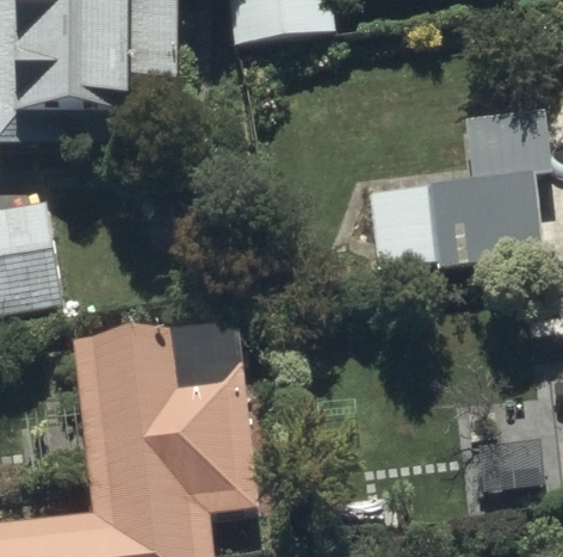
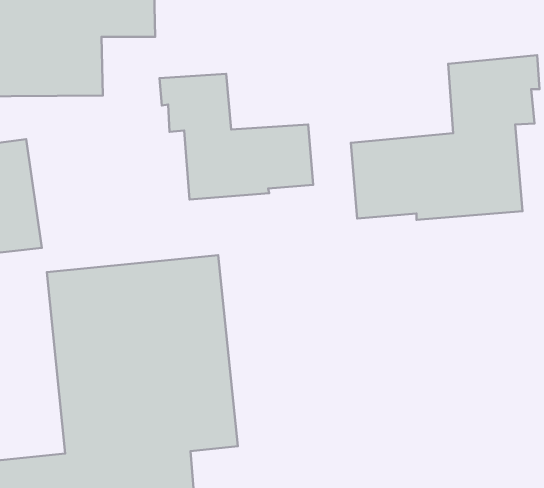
building: none -> [159,74,313,200]

